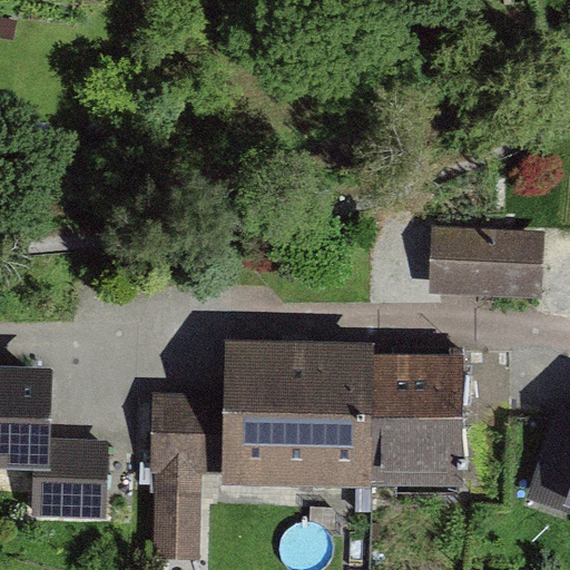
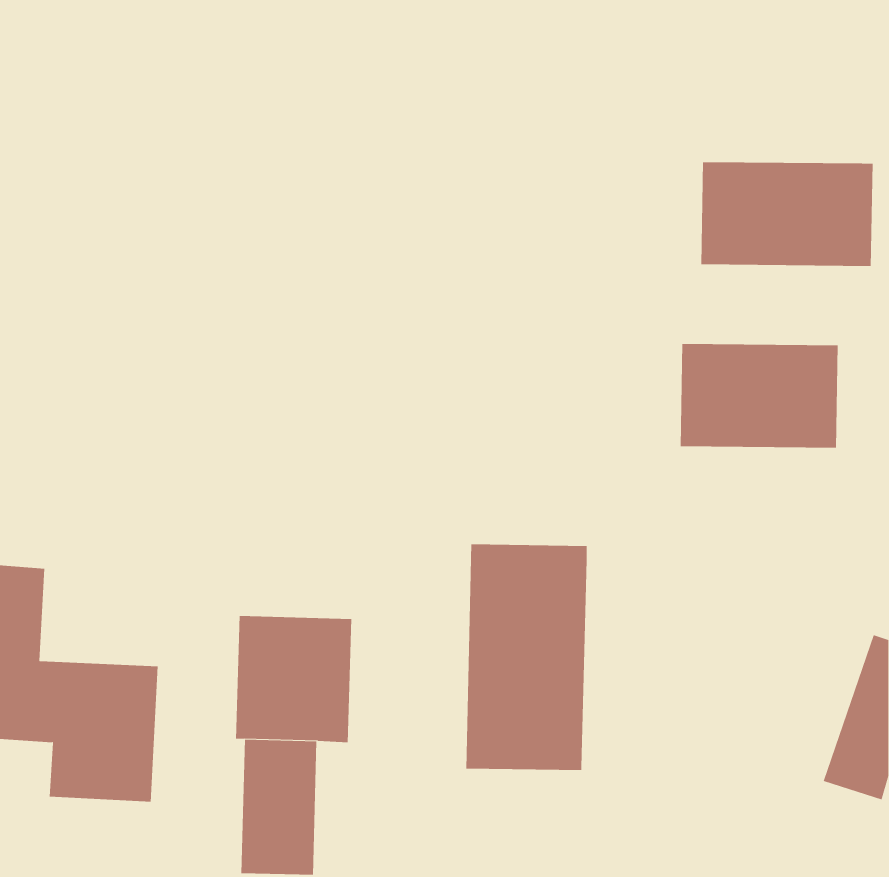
building: none -> [701,161,873,267]
building: [223,345,301,491] -> none
building: [372,357,465,491] -> none

